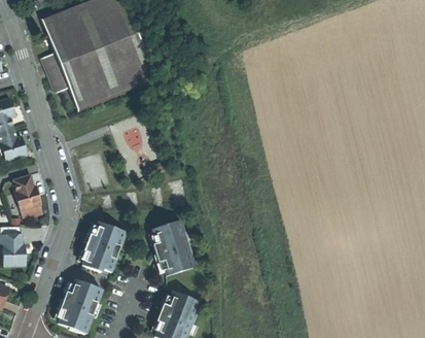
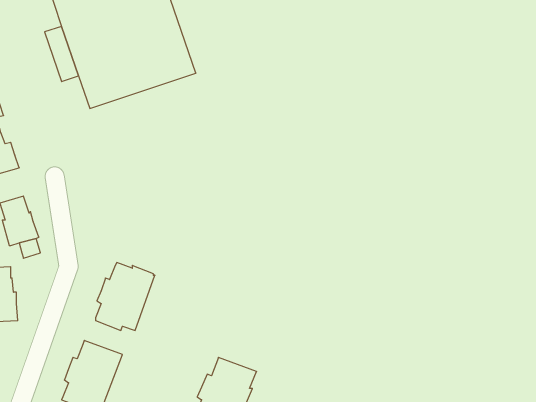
building: [151,219,194,275] -> none

